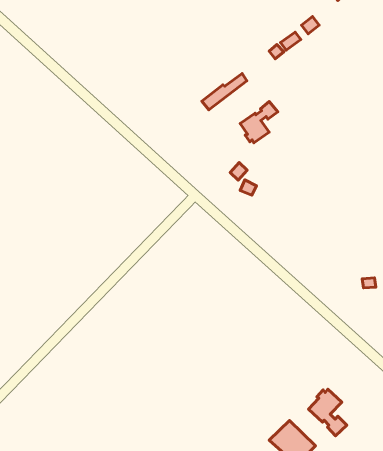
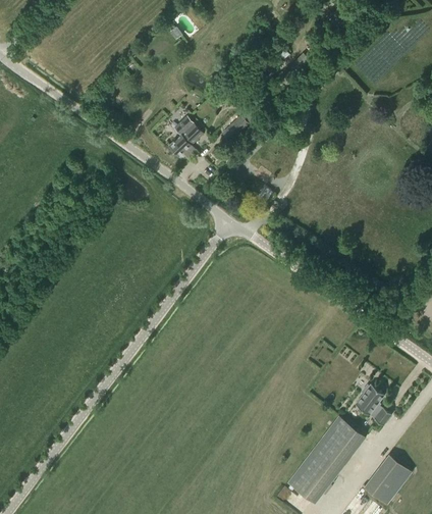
building: none -> [168,117,202,157]
building: [240,101,278,143] -> none

